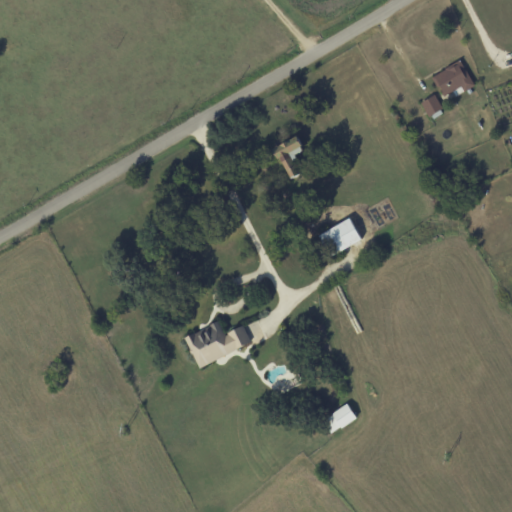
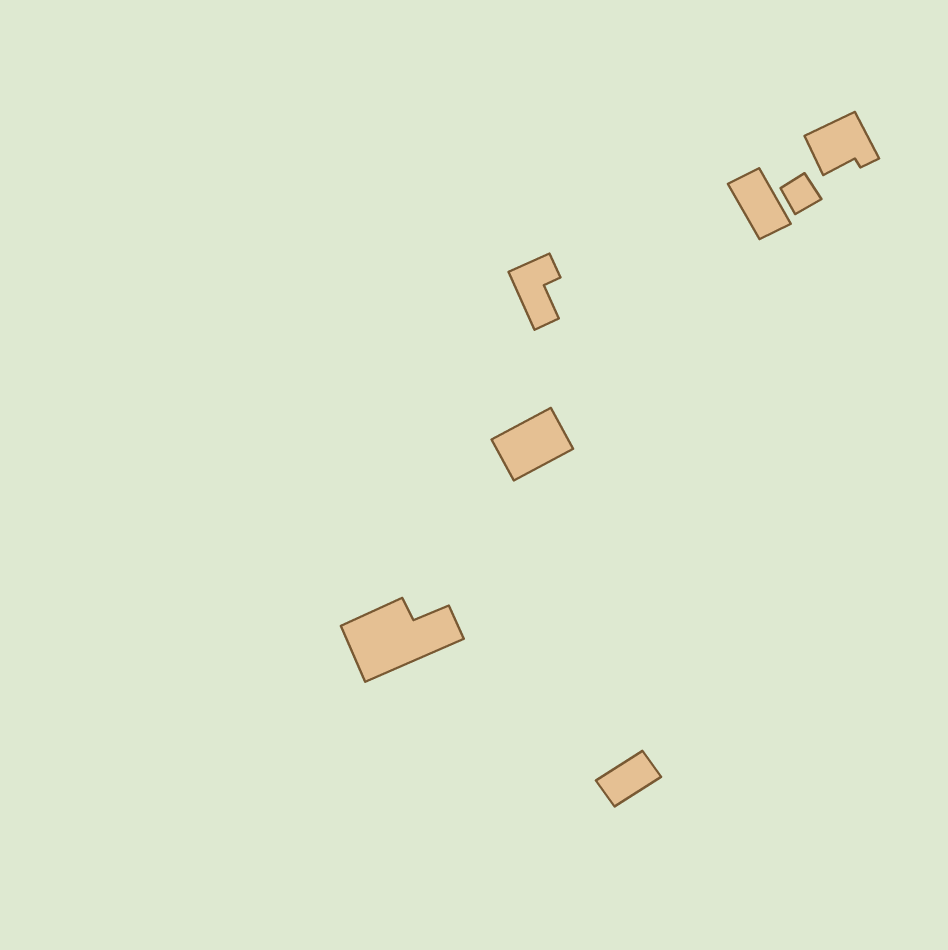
building: none -> [728,168,791,239]
building: [318,217,362,256] -> [491,408,573,480]

